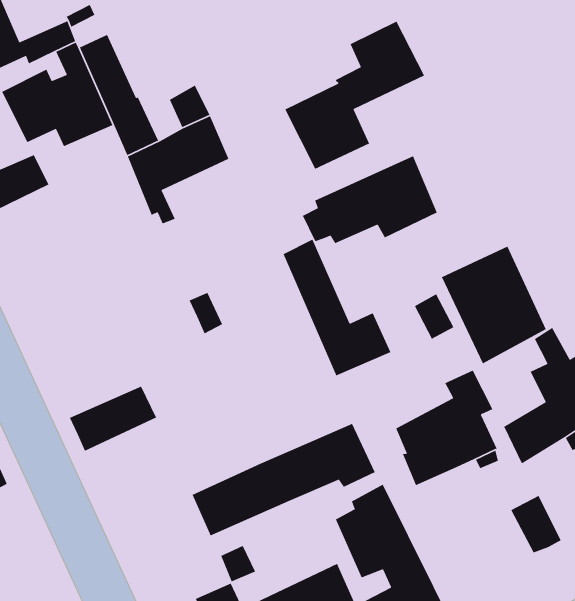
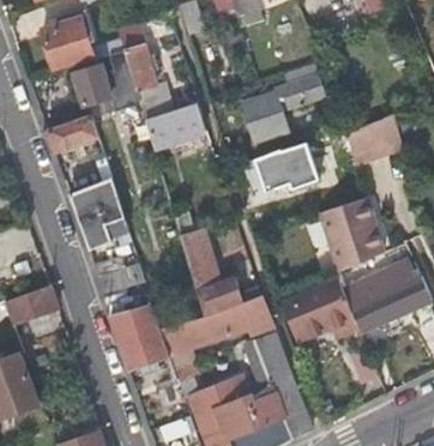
building: none -> [343,110,403,165]
building: [282,238,391,376] -> [181,228,240,312]
building: none -> [67,169,125,251]
building: none -> [108,297,171,372]

